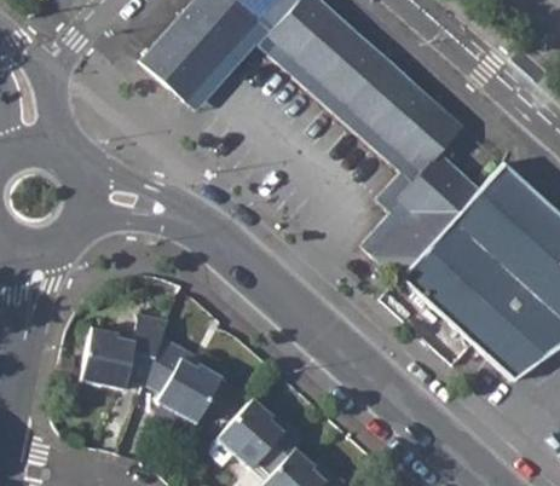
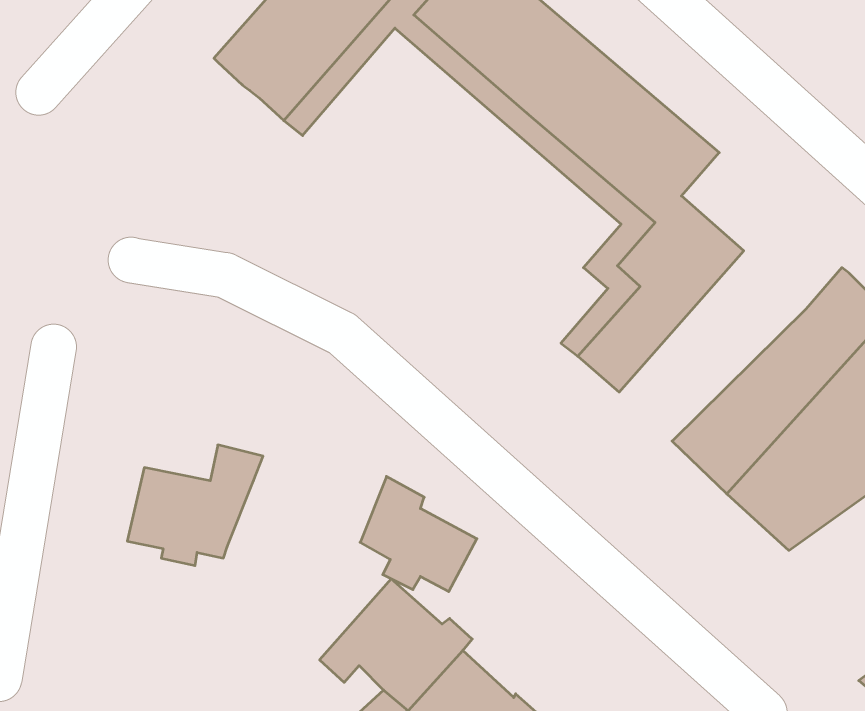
building: [402,161,544,309] -> none
building: [150,335,225,409] -> [360,476,477,592]

